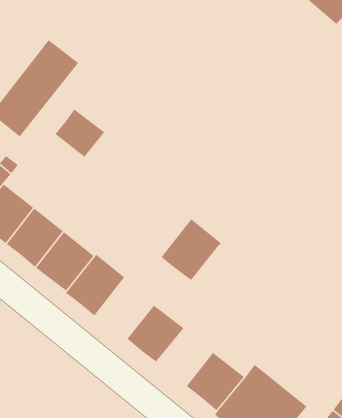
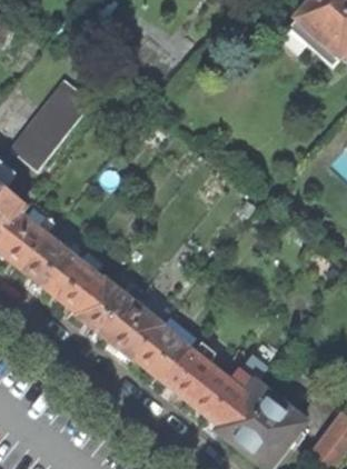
building: [54,109,105,158] -> none
building: [160,218,222,281] -> [106,301,163,360]
building: none -> [163,349,217,403]

